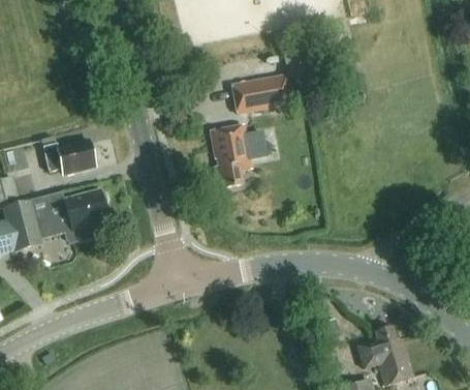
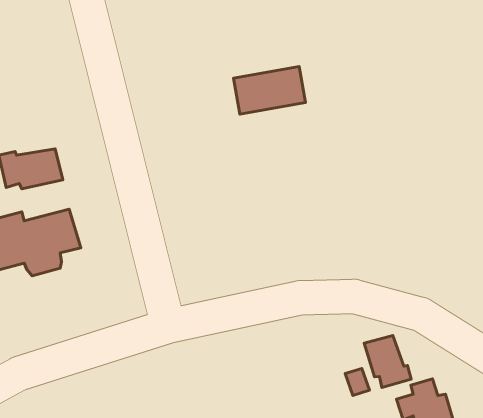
building: [209,124,265,186] -> none
building: none -> [364,335,411,387]

